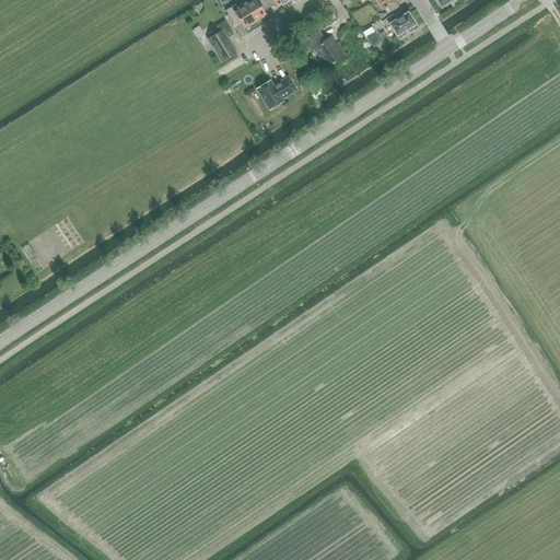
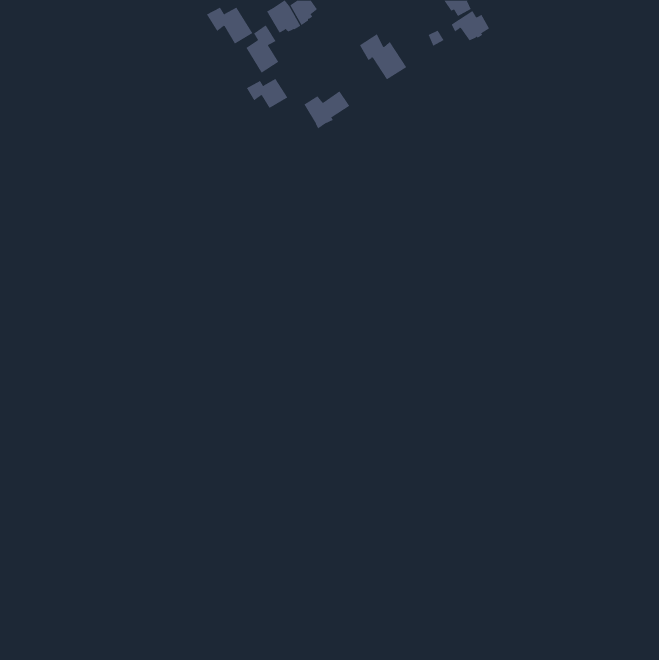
building: none -> [206,7,253,44]
building: none -> [246,78,288,109]

